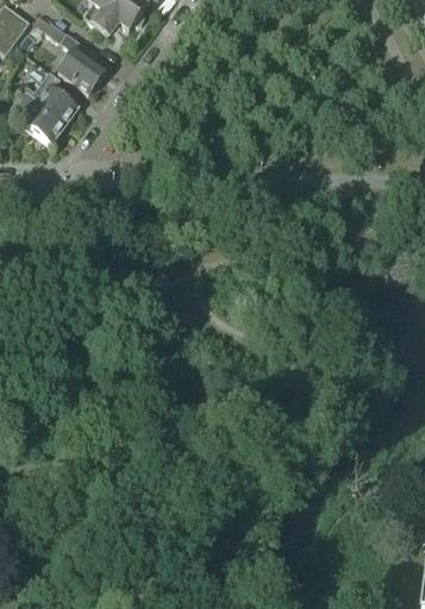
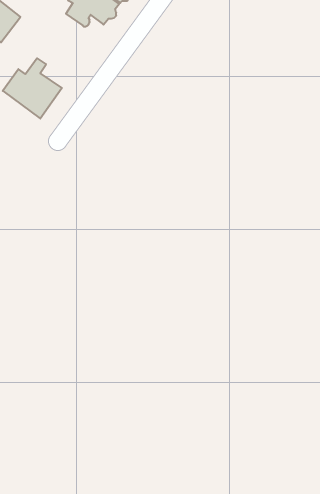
building: [44,20,106,94] -> none

